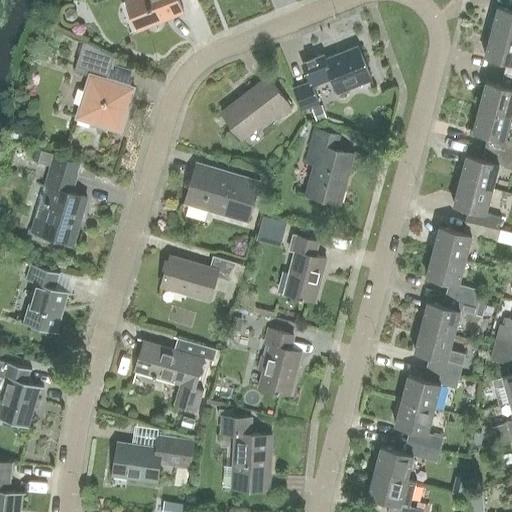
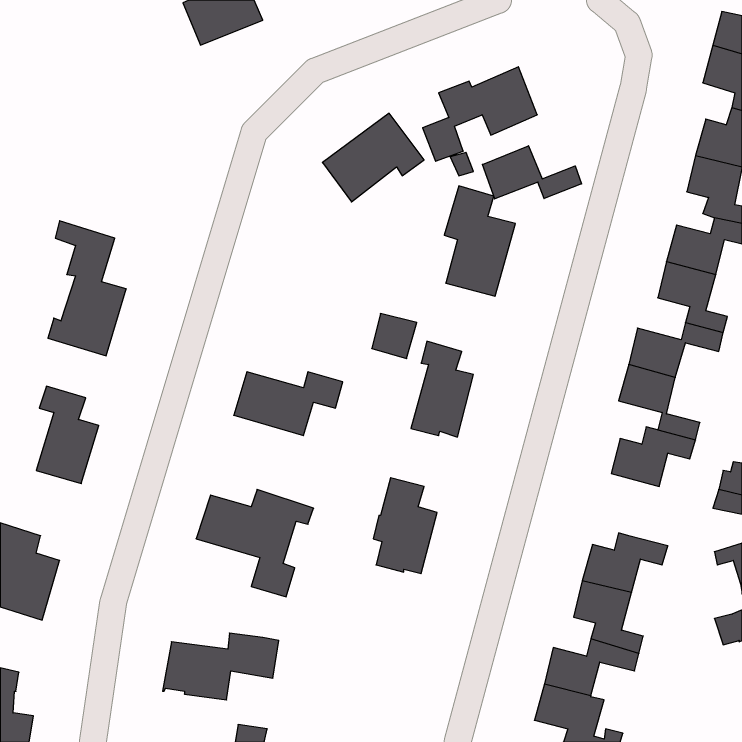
building: [73,40,134,133] -> none
building: none -> [482,146,582,199]
building: [185,164,258,221] -> none
building: [414,326,466,376] -> none
building: [218,410,271,490] -> none

